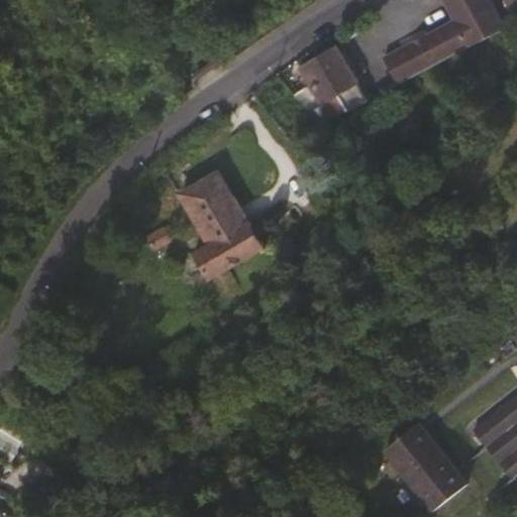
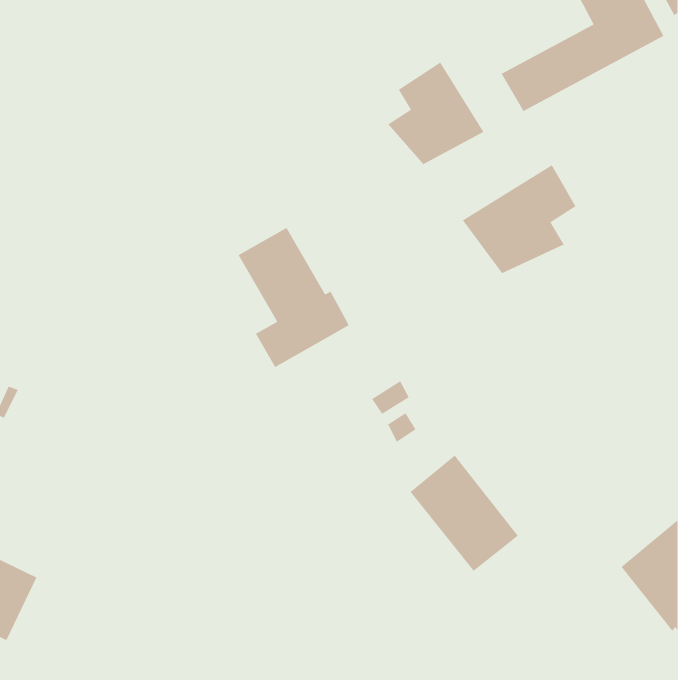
building: none -> [462,164,577,274]
building: [381,421,463,510] -> [409,455,519,572]

